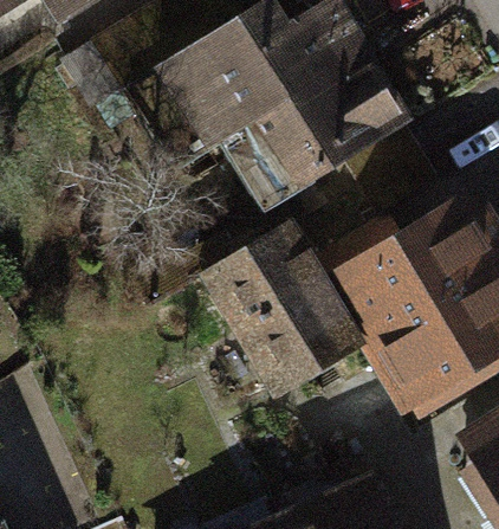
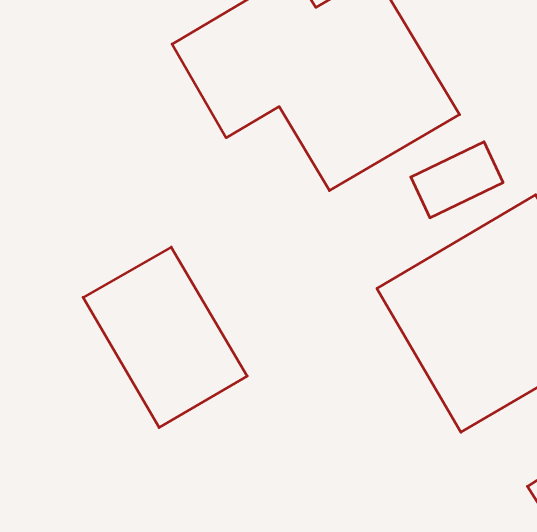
building: [212,230,355,387] -> [83,247,247,428]

